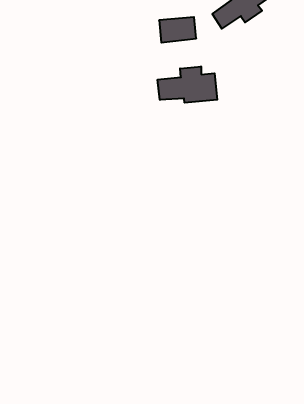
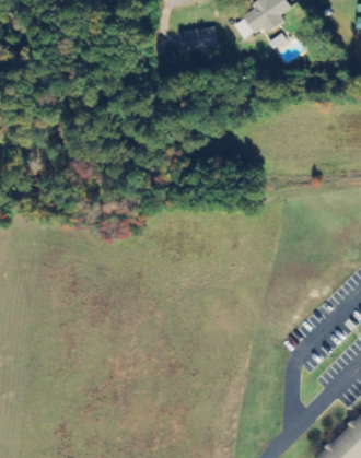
building: [158,66,217,103] -> none

